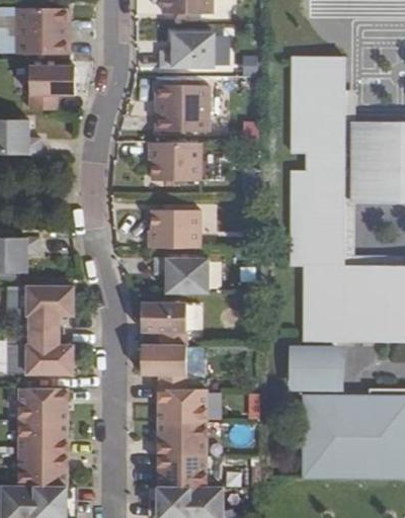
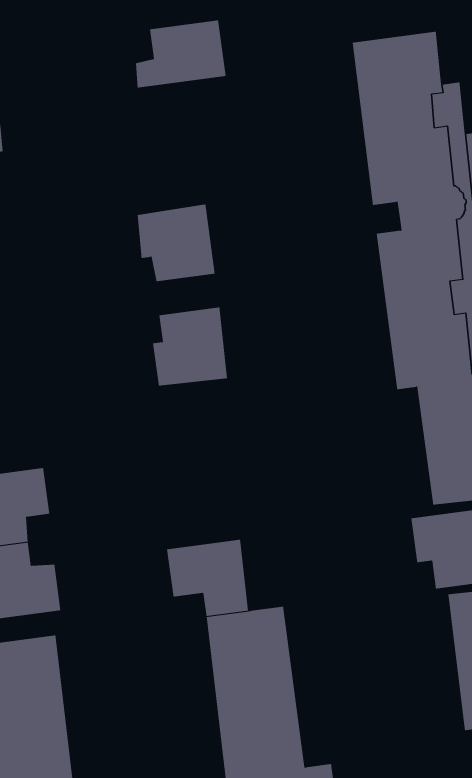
building: [156,86,209,132] -> none
building: [150,259,204,293] -> none
building: [141,303,186,346] -> none

